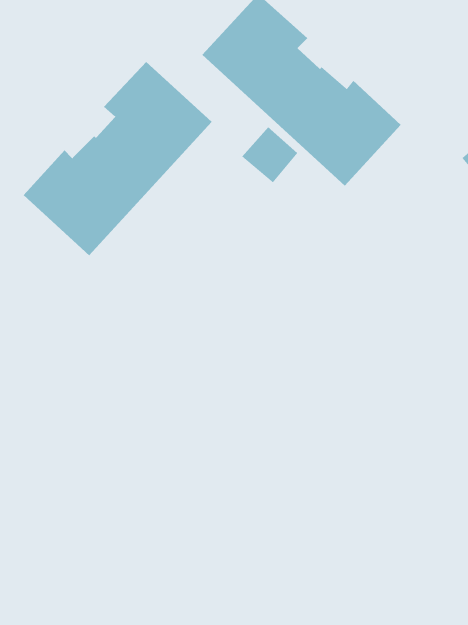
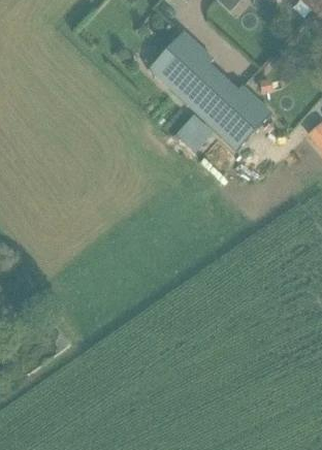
building: [23,61,212,256] -> none

